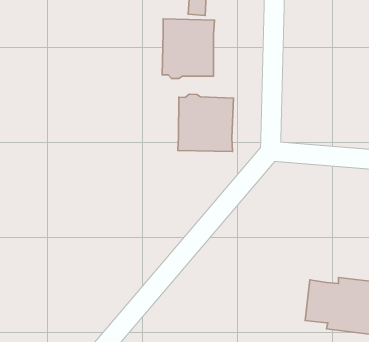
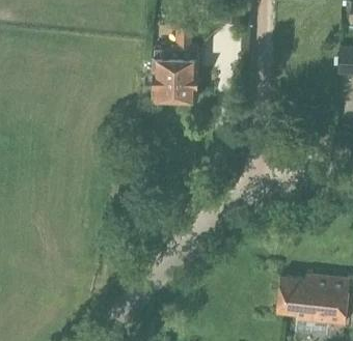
building: [178,94,234,151] -> none

